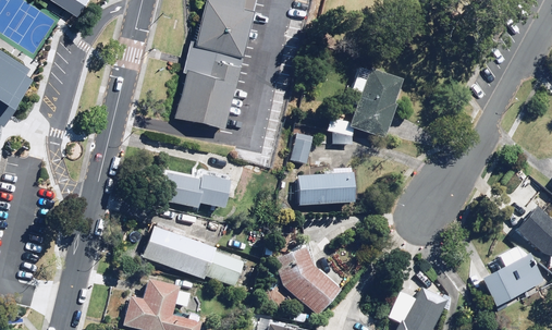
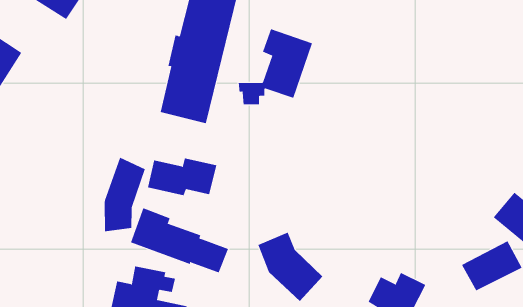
building: [328,65,405,144] -> [238,28,313,105]
building: [290,132,315,163] -> none
building: none -> [104,157,145,232]
building: [298,172,357,204] -> none

